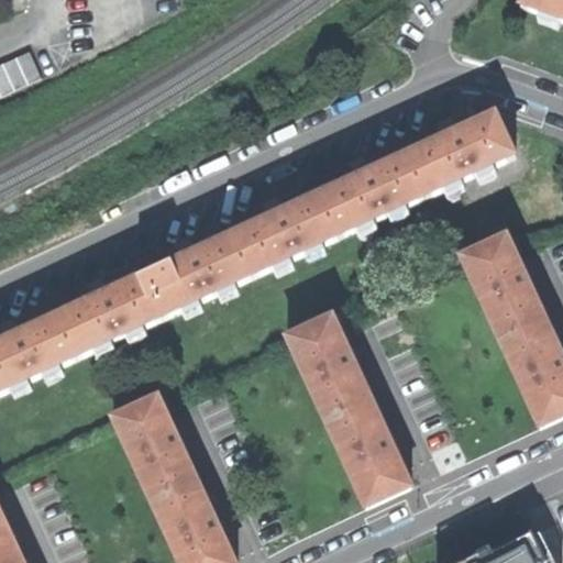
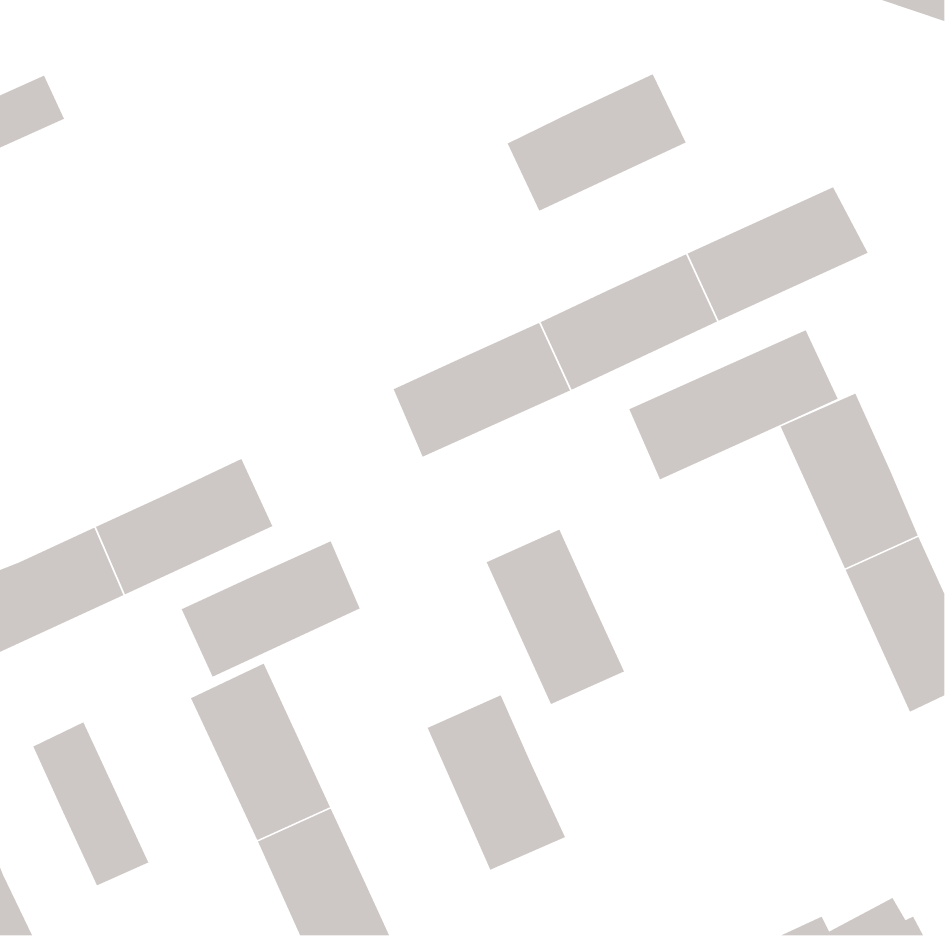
building: none -> [507,73,687,212]
building: none -> [628,329,839,481]
building: [143,230,250,311] -> [180,540,361,678]
building: [325,397,408,501] -> [427,694,566,871]
building: none -> [32,721,149,887]

